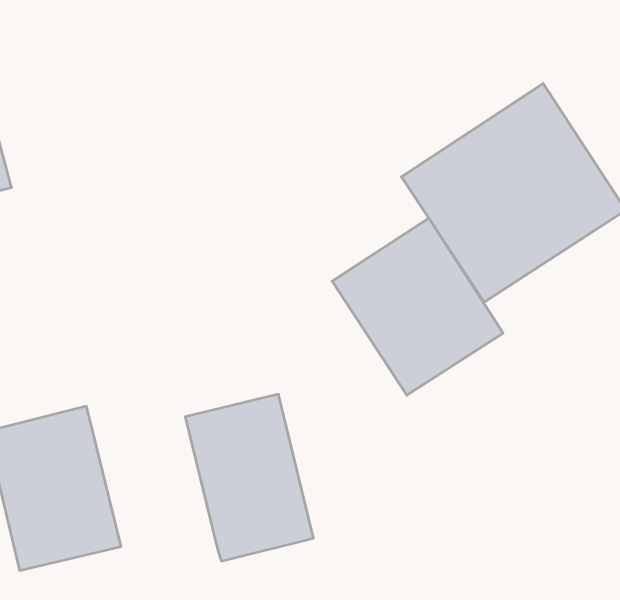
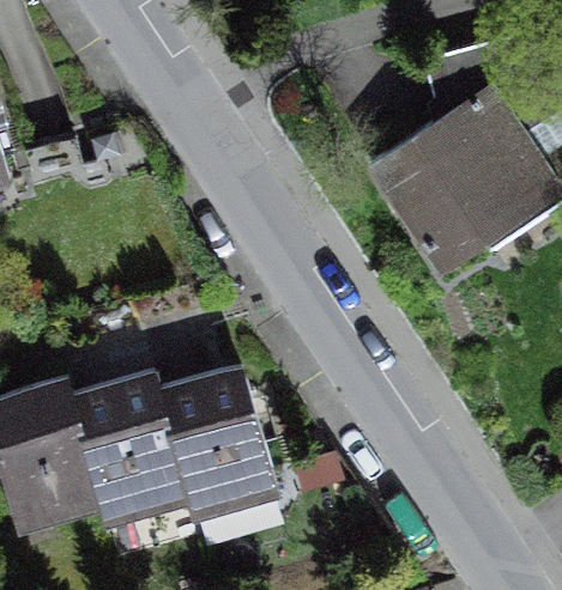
building: [332,218,503,395] -> none
building: none -> [81,372,195,523]

